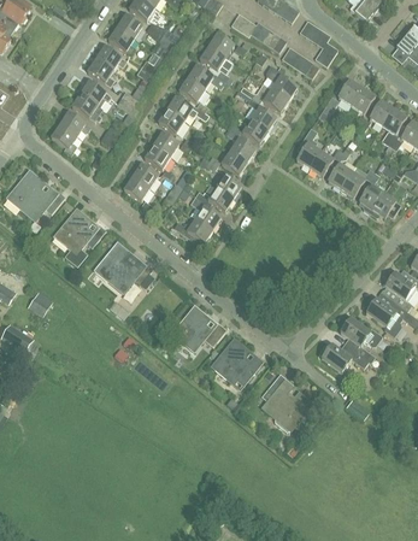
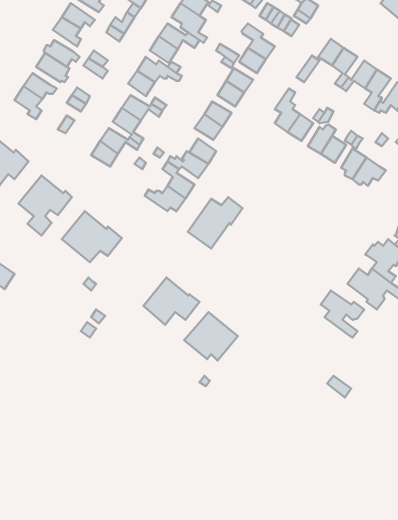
building: none -> [188,197,243,249]
building: [320,342,367,371] -> none
building: [260,372,312,430] -> none

